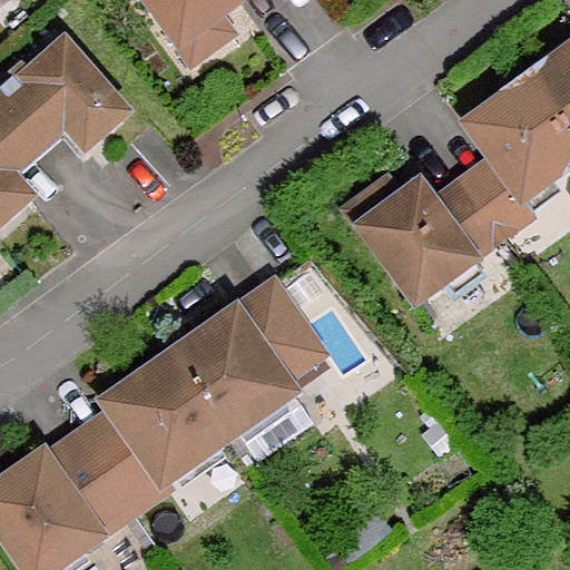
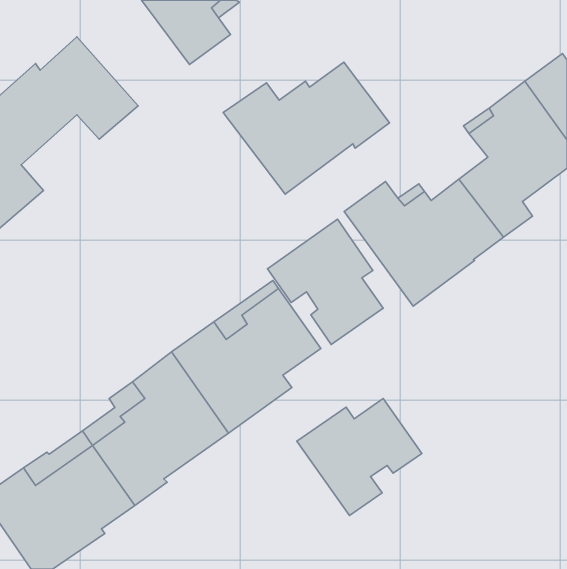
building: none -> [223,62,390,194]
building: none -> [268,219,383,345]
building: none -> [297,398,422,515]

